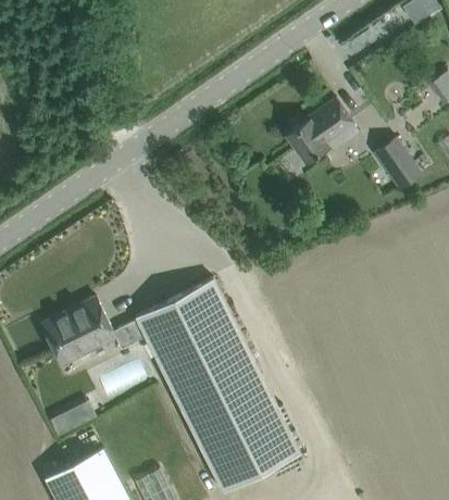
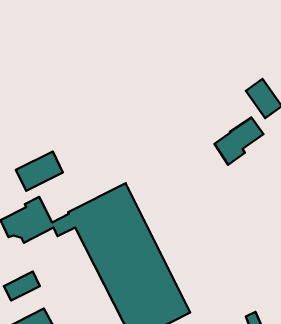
building: [286,100,352,164] -> [214,117,263,165]
building: none -> [16,152,63,191]

